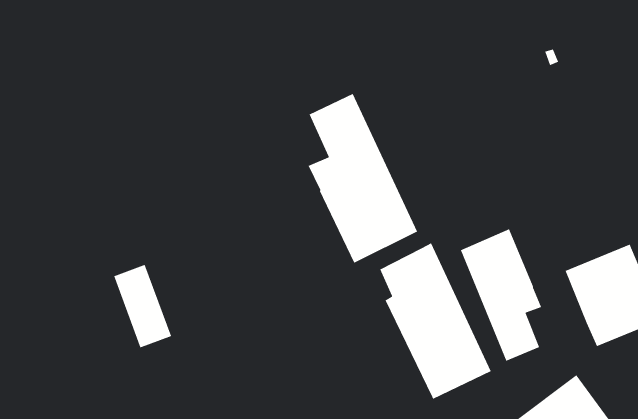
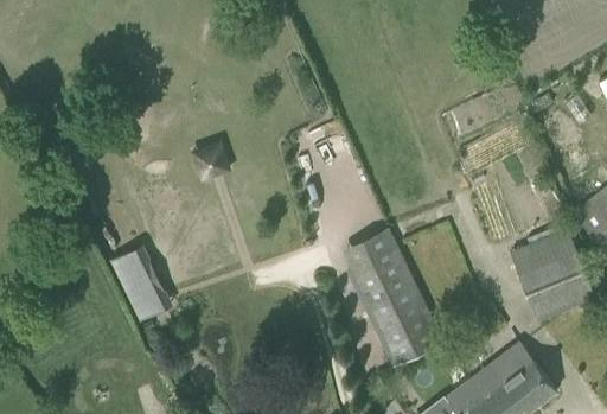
building: [307,93,418,264] -> none
building: [460,228,542,362] -> none

